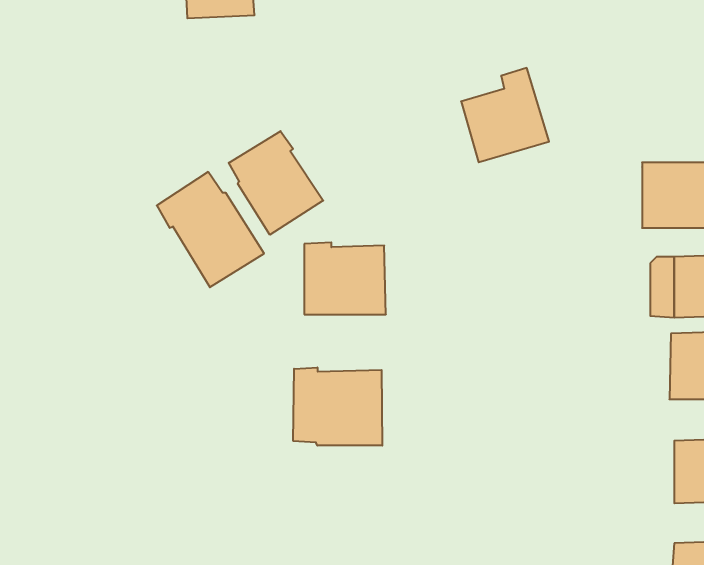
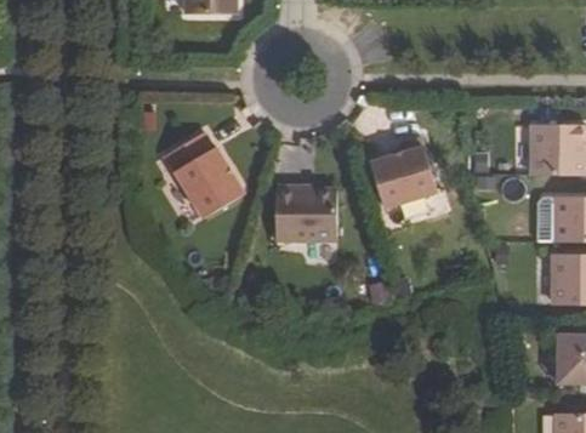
building: [461,68,549,162] -> [370,137,437,209]
building: [229,131,323,235] -> none
building: [293,367,382,446] -> none

